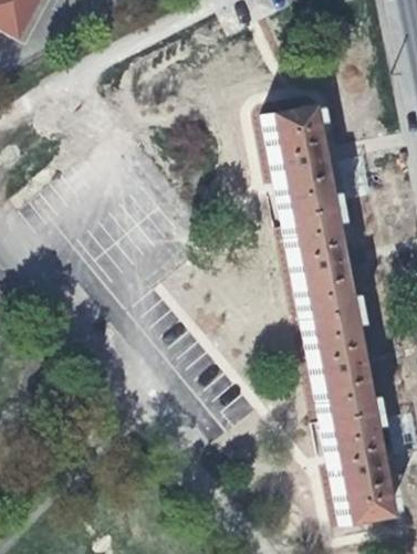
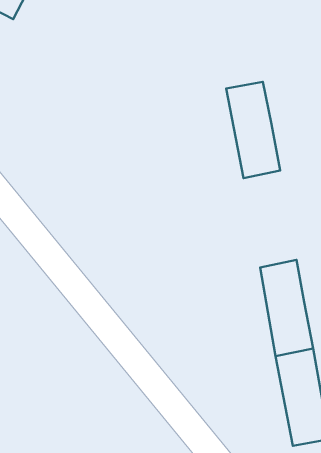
building: [294,207,355,318] -> none

